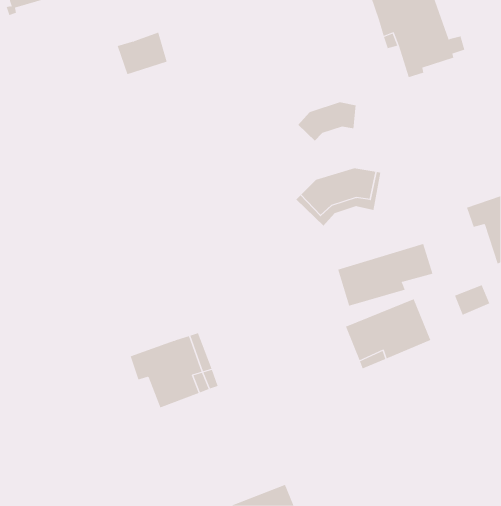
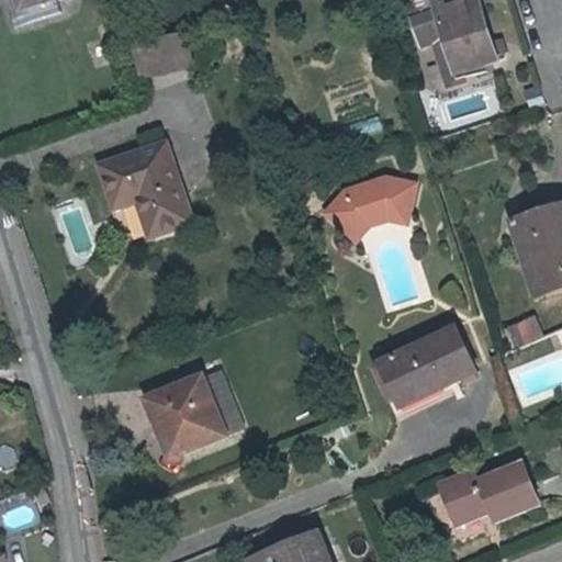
building: [298,101,356,142] -> none
building: none -> [97,147,183,232]
building: [338,243,433,307] -> none
building: none -> [443,457,536,516]

